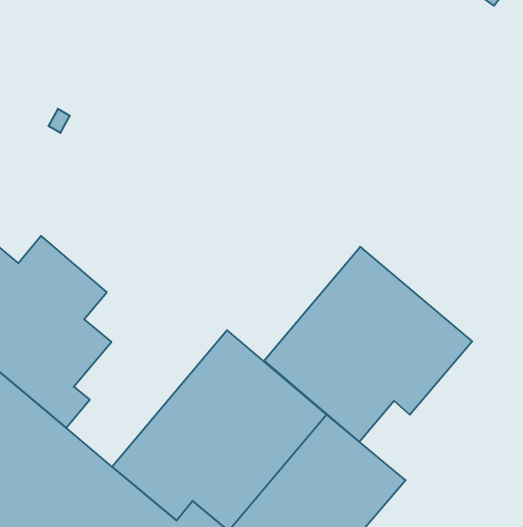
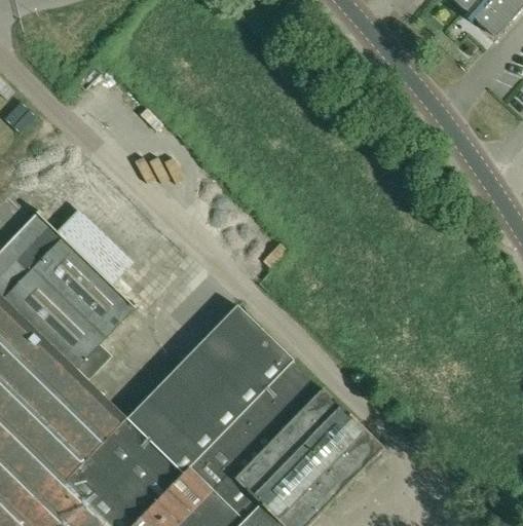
building: [264,247,472,442] -> none

